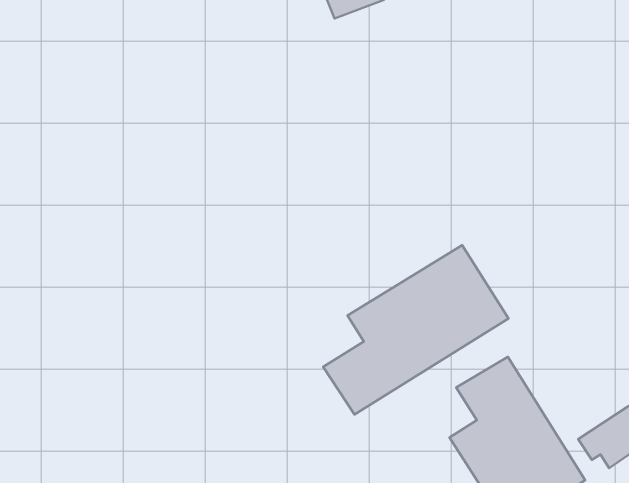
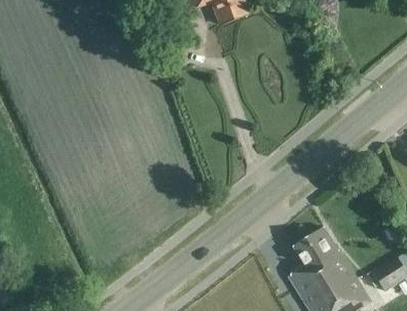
building: [323,245,508,415] -> none

